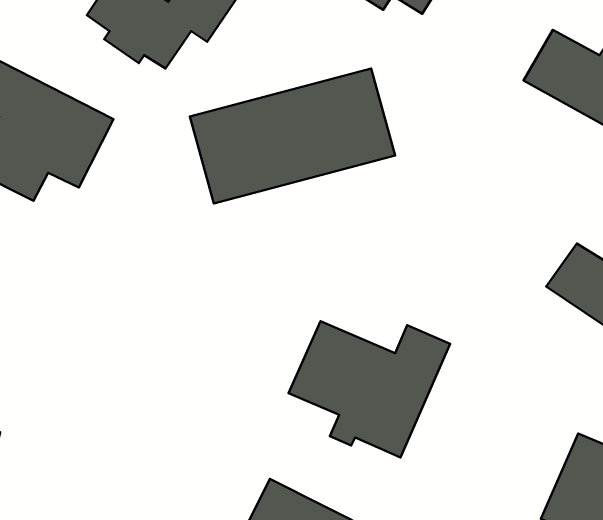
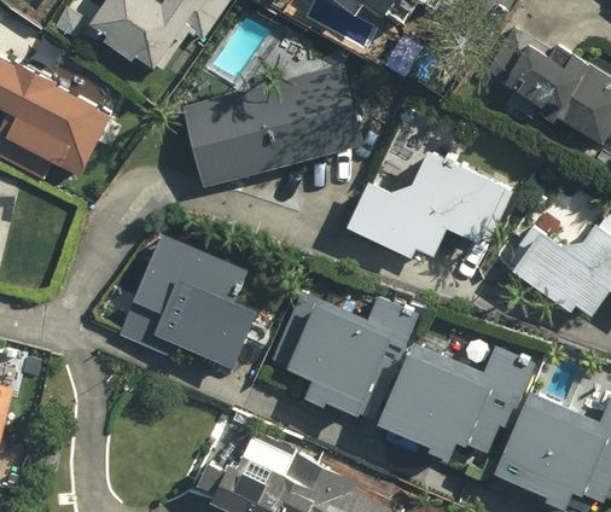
building: none -> [349,150,507,258]
building: none -> [116,231,257,367]
building: none -> [383,345,534,459]

